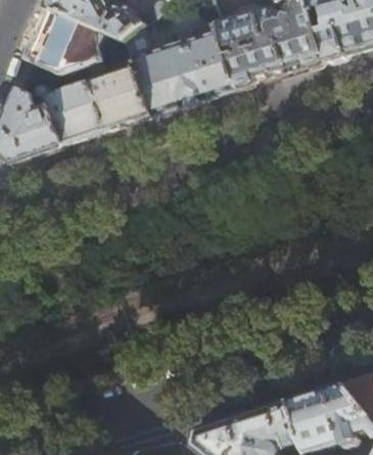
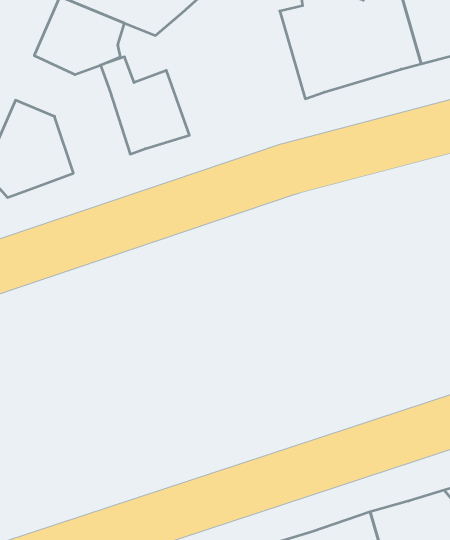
building: [123,17,236,116] -> none
building: [16,55,103,144] -> none

